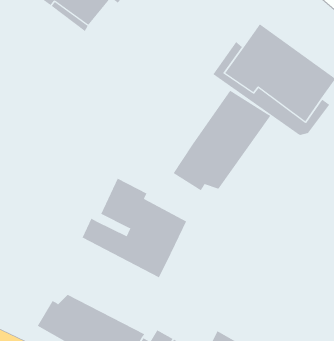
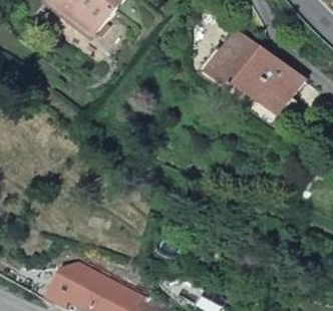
building: [173,90,271,191] -> none
building: [82,178,187,278] -> none

